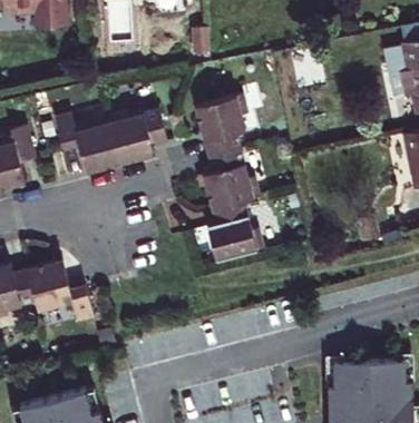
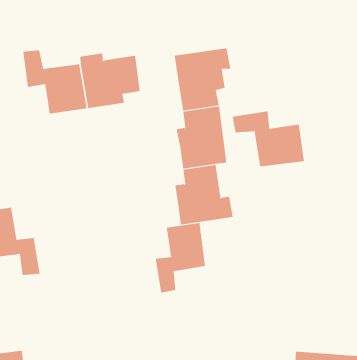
building: none -> [232,111,305,167]
building: none -> [155,222,206,294]

